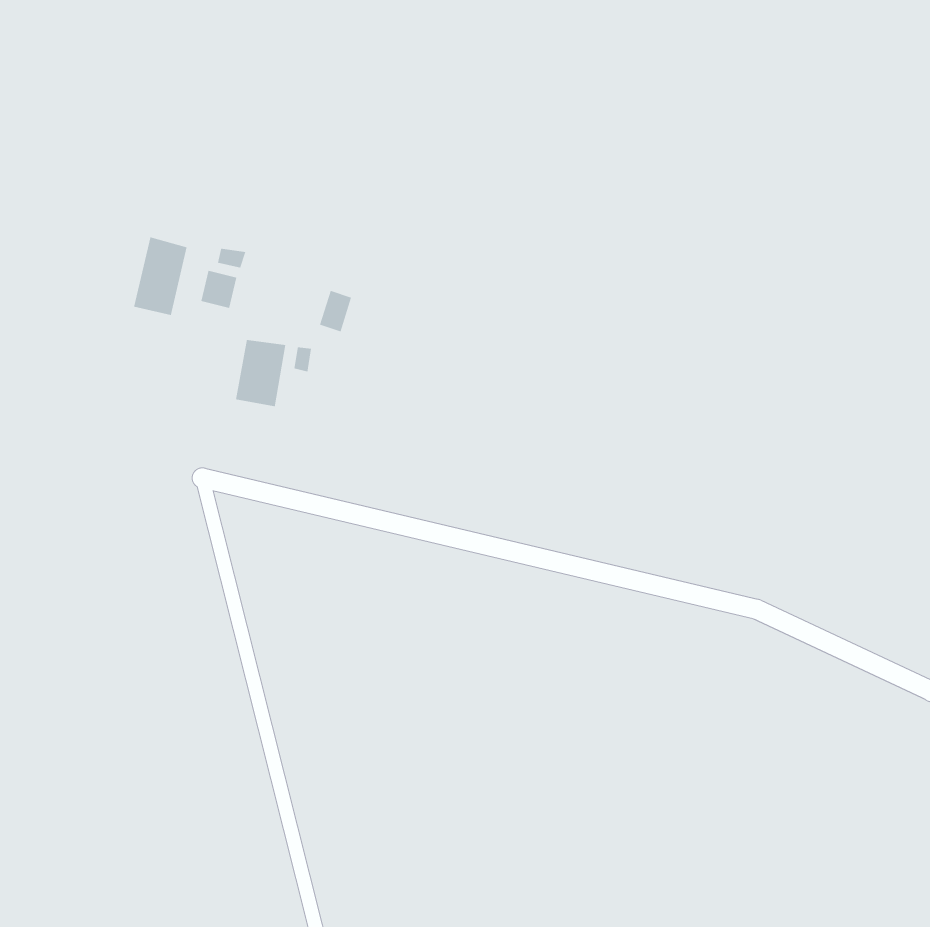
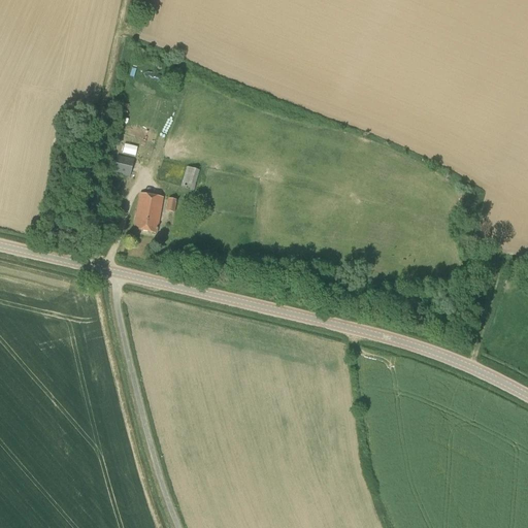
building: [133,236,187,316] -> none

